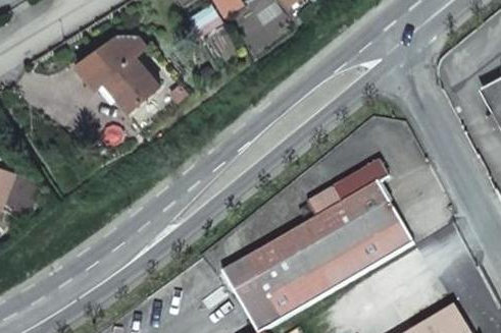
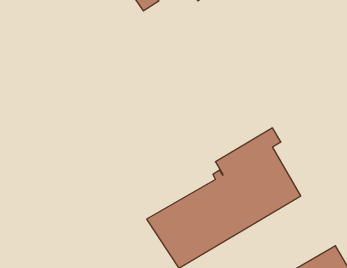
building: [76,31,158,112] -> none

